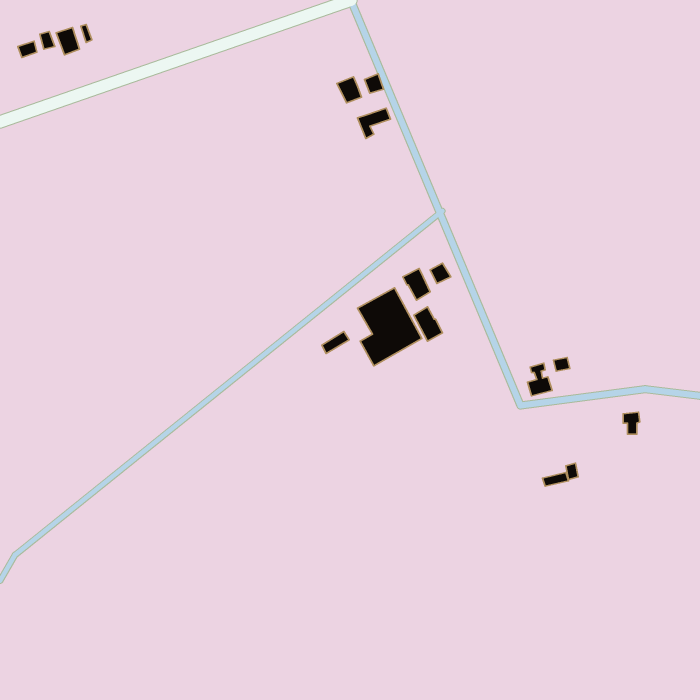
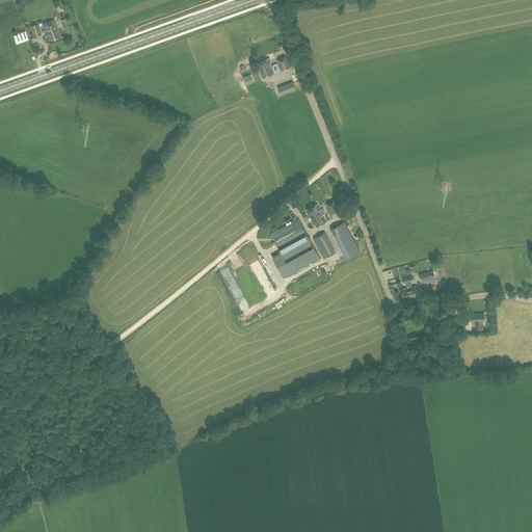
building: none -> [330,222,358,259]

